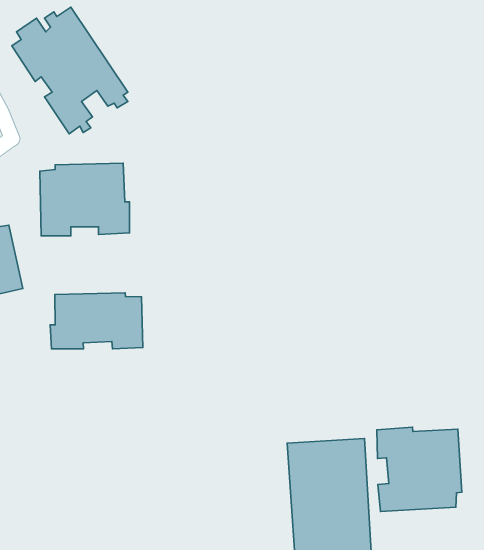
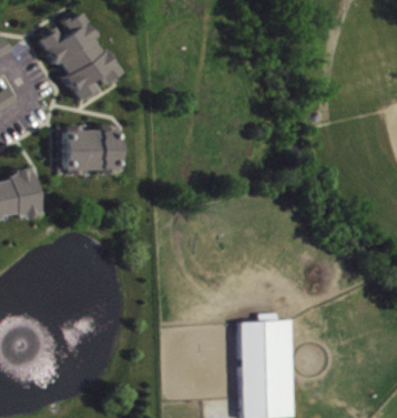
building: [50,293,143,349] -> none
building: [377,427,462,512] -> none

